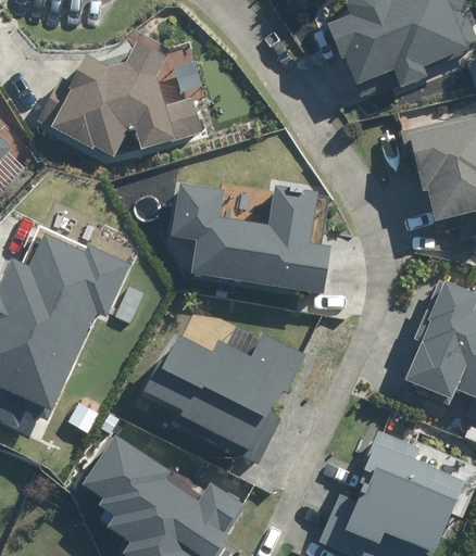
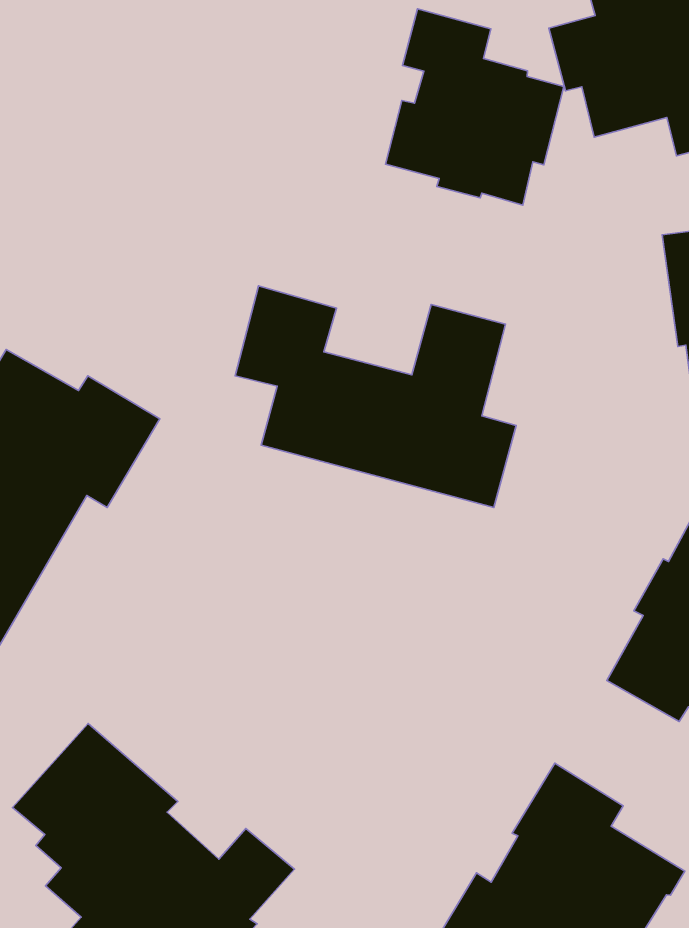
building: none -> [385,9,564,205]
building: [40,40,205,155] -> none
building: [146,331,312,463] -> none

